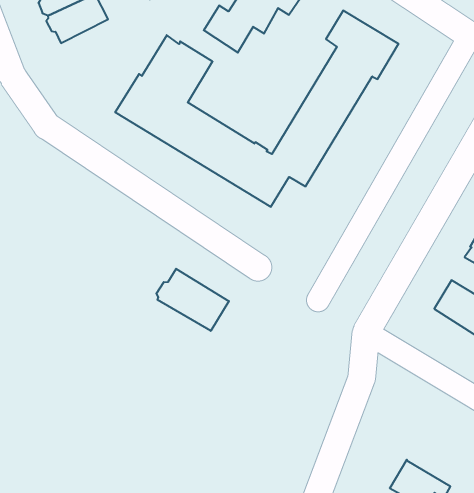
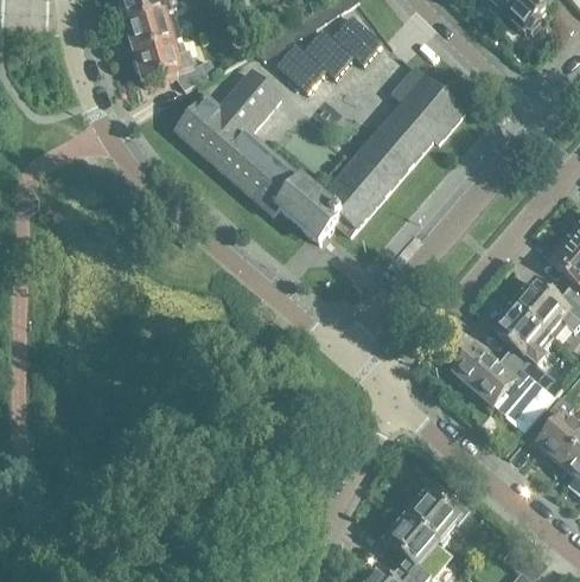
building: none -> [134,38,218,88]
building: [156,269,229,331] -> none
building: none -> [406,482,465,548]

